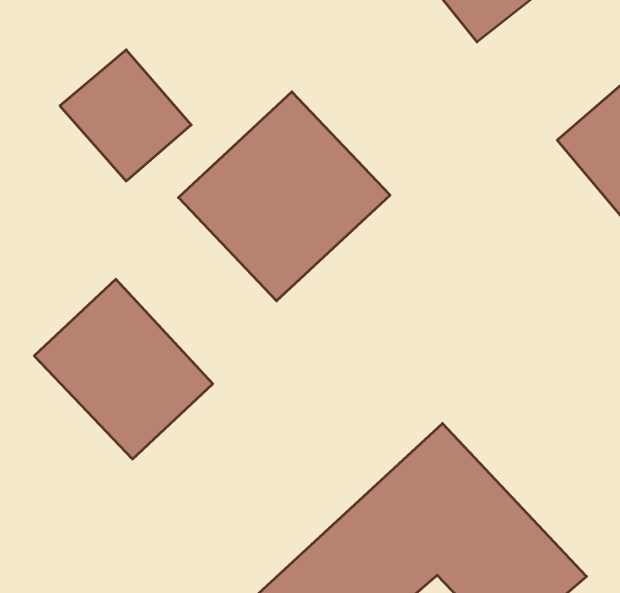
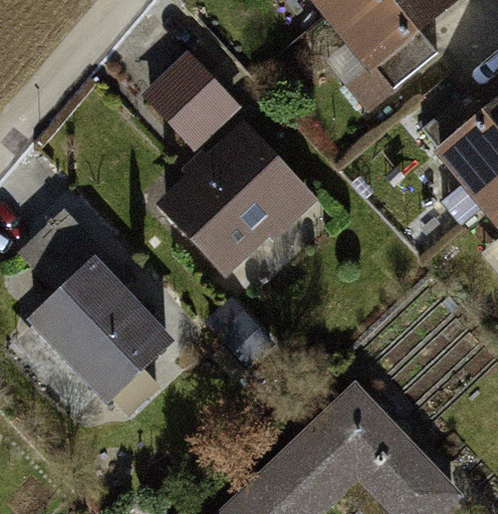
building: [60,50,191,181] -> [133,50,236,154]

